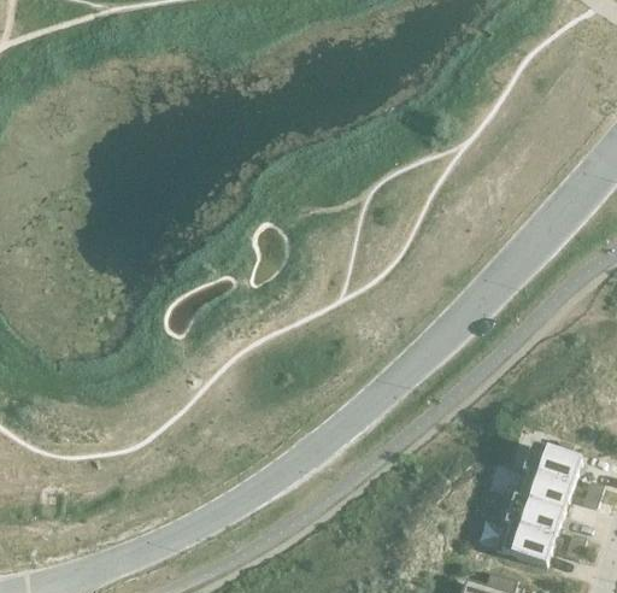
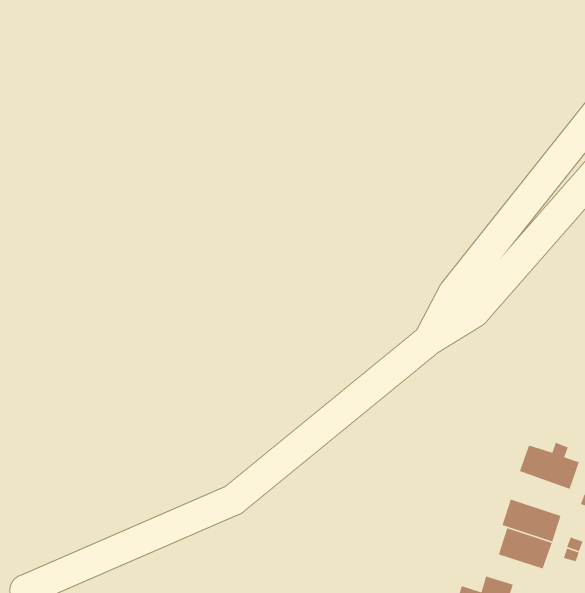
building: [511,470,570,513] -> none

